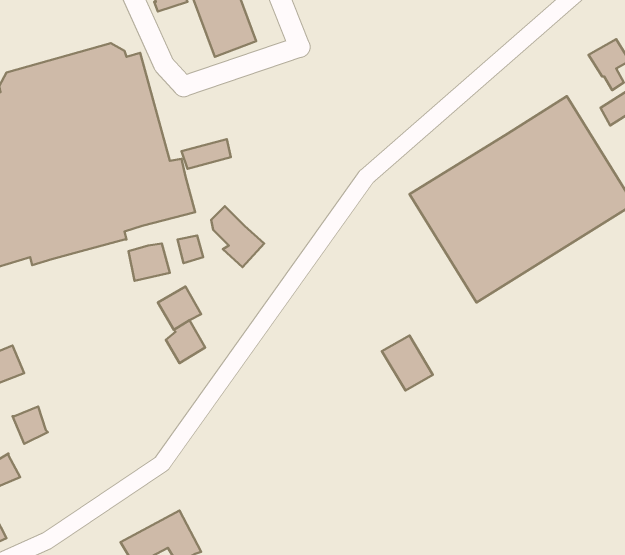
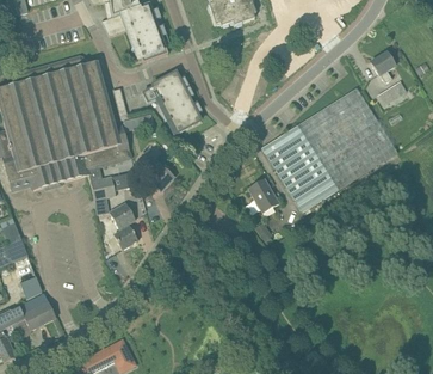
building: none -> [141,72,199,133]
building: [382,336,433,391] -> [247,179,278,213]
building: none -> [17,293,55,331]

